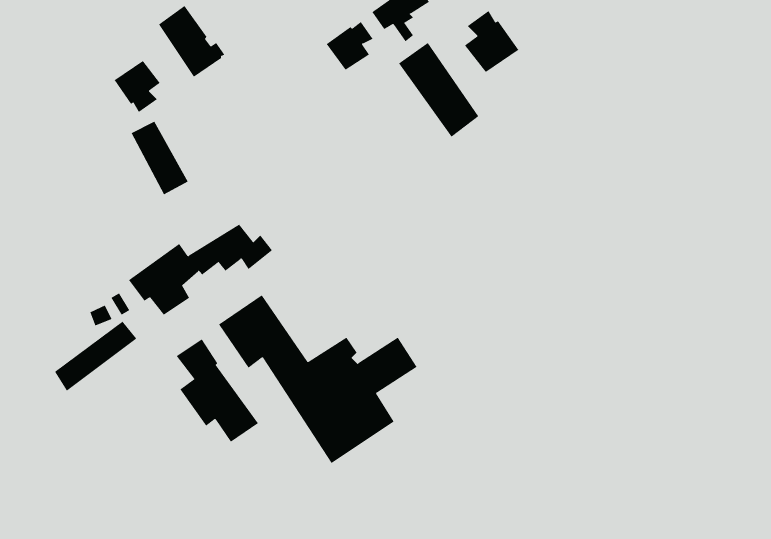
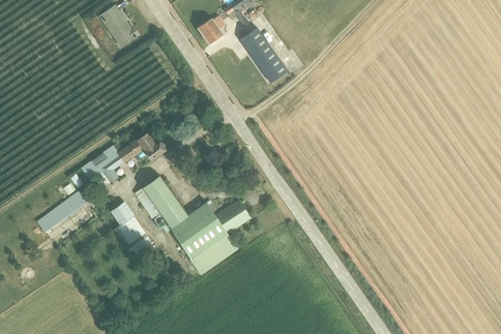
building: [464,10,519,73] -> none
building: [114,60,161,113] -> none
building: [131,121,189,195] -> none

